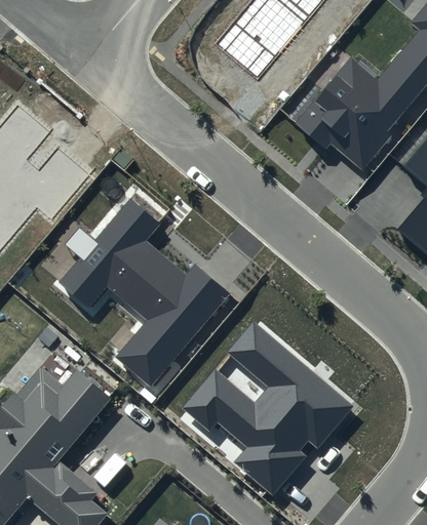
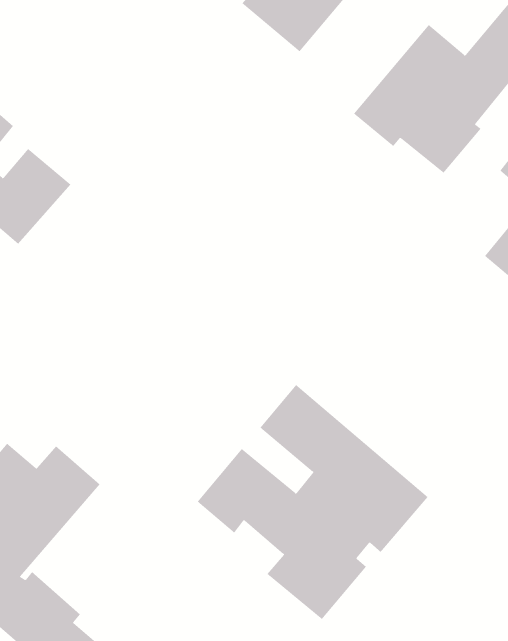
building: [60,198,229,387] -> none

